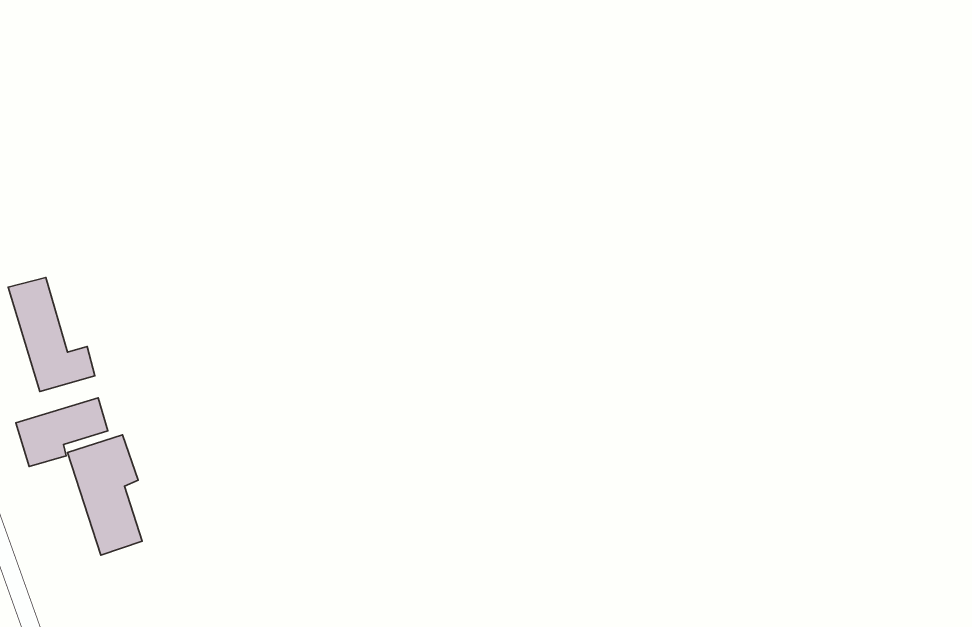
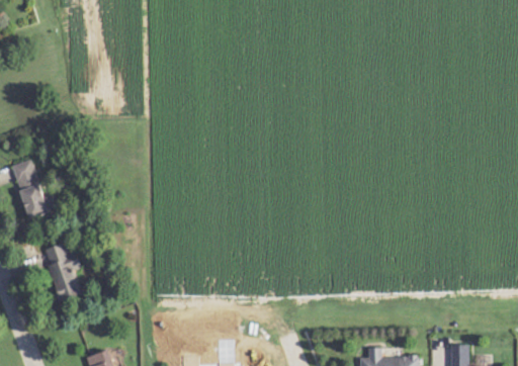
building: [16,398,108,466] -> none

